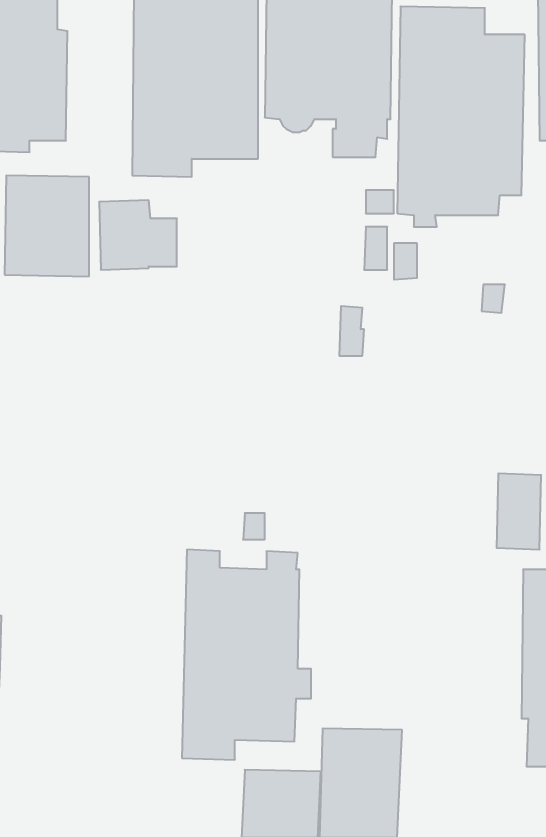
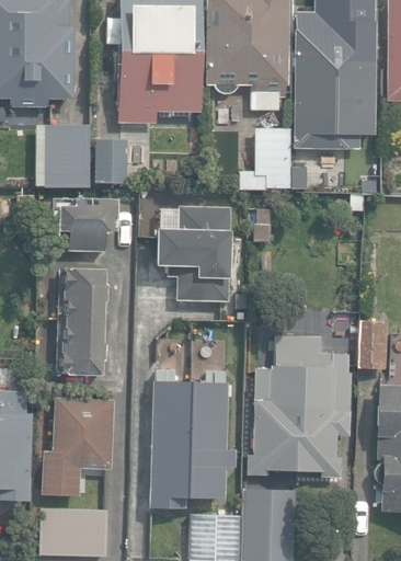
building: none -> [53,198,117,251]
building: none -> [154,206,231,301]
building: none -> [56,268,106,374]
building: none -> [245,335,351,477]
building: none -> [41,396,114,496]
building: none -> [41,510,106,554]

